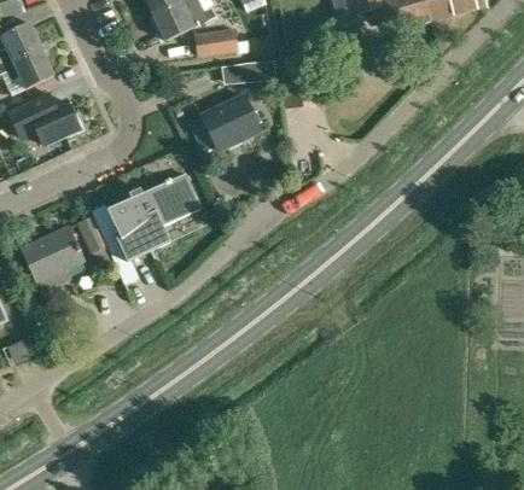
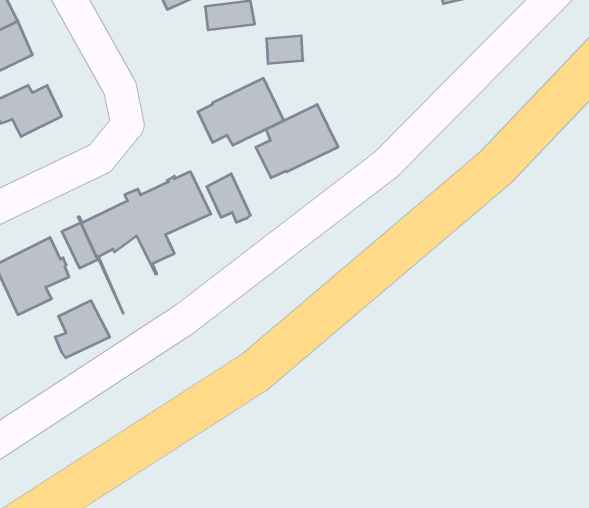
building: none -> [256,104,338,178]
building: none -> [207,174,251,222]
building: none -> [55,301,110,358]

